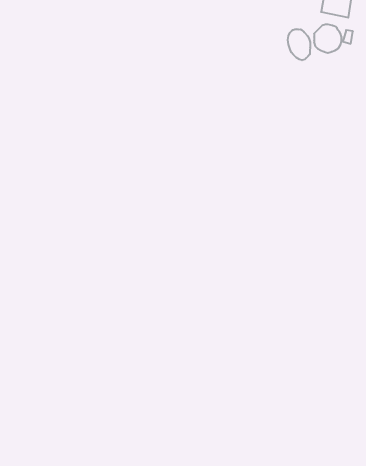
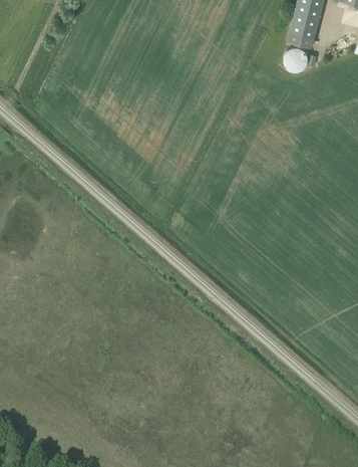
building: [288,29,310,60] -> none

